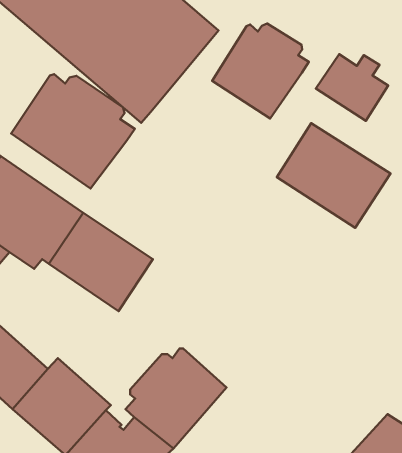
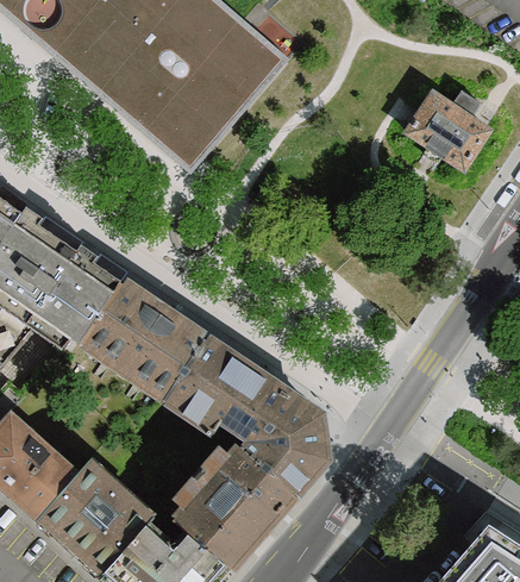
building: [212,23,309,118] -> none
building: [11,74,135,188] -> none
building: [277,123,390,228] -> none
building: none -> [163,337,325,493]

